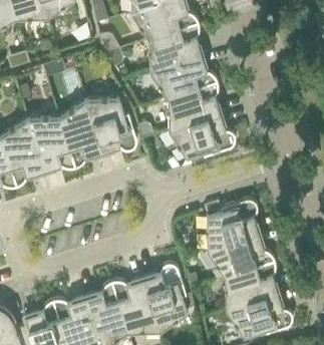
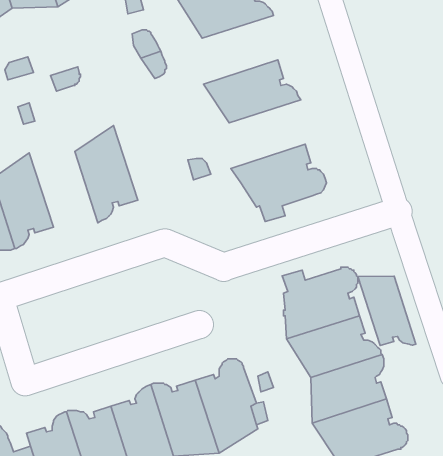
building: [148,24,202,72] -> none
building: [168,83,221,131] -> none
building: [86,100,136,153] -> none
building: [27,119,75,172] -> none
building: none -> [358,276,416,346]

